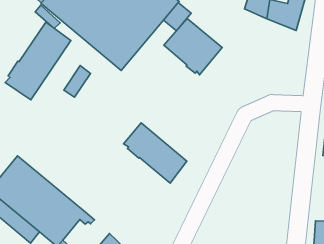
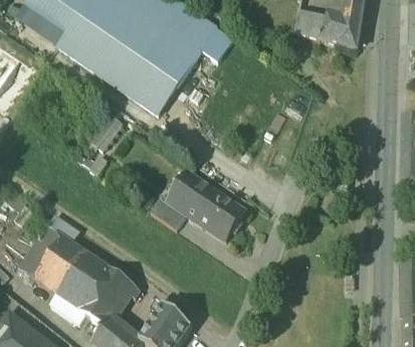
building: [164,18,222,75] -> none
building: [5,22,71,100] -> none
building: none -> [152,193,189,228]

